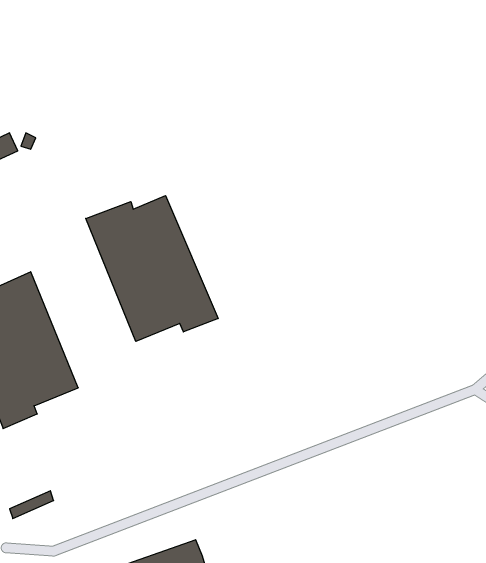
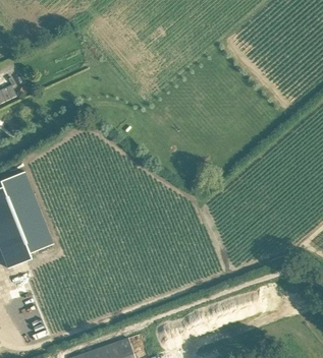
building: [86,196,218,341] -> none

